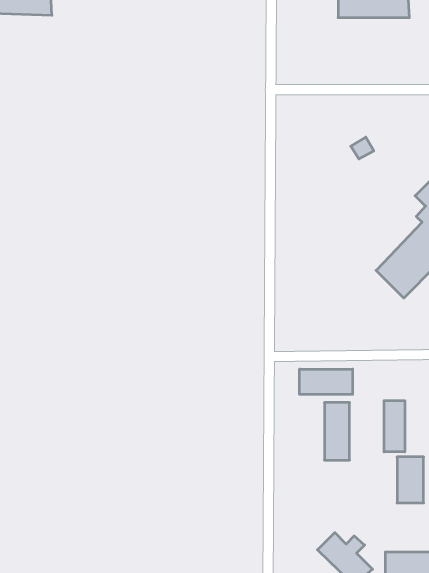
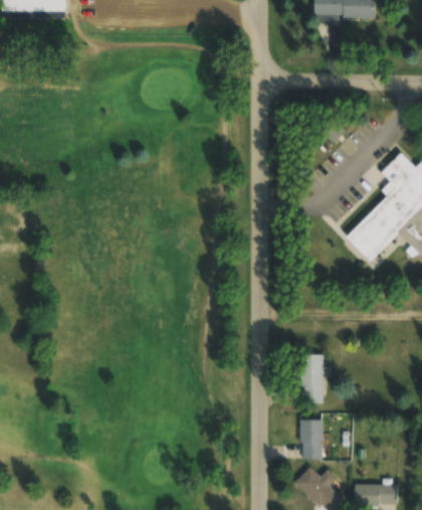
building: [300,369,353,394] -> none
building: [384,401,405,452] -> none
building: [397,457,424,503] -> [299,419,323,460]

